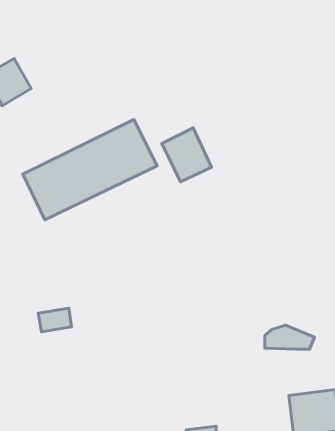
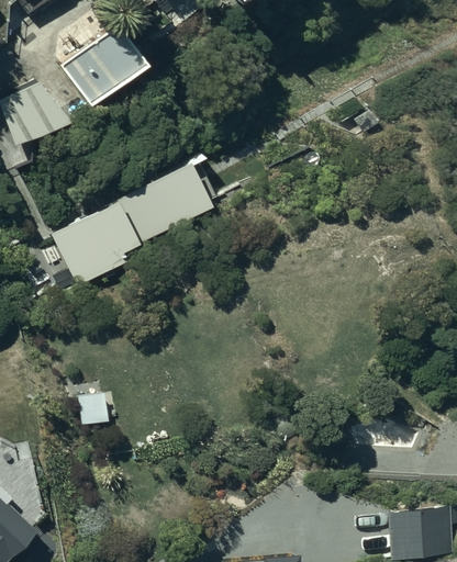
building: none -> [64,26,145,102]
building: [162,128,211,182] -> none

